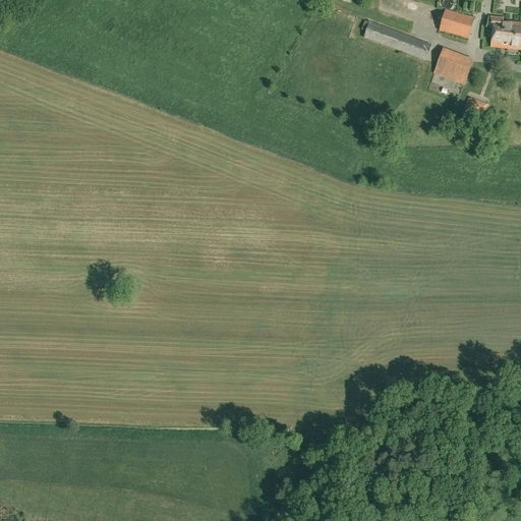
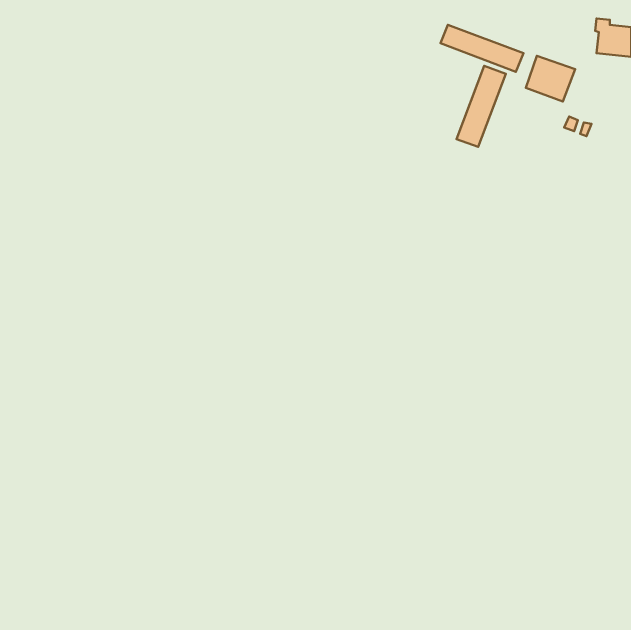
building: [439,8,474,38] -> none
building: none -> [456,66,506,147]

